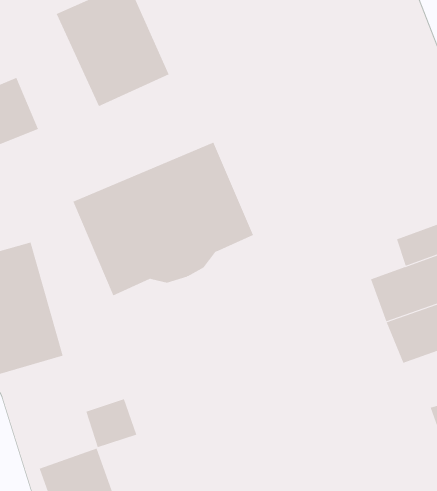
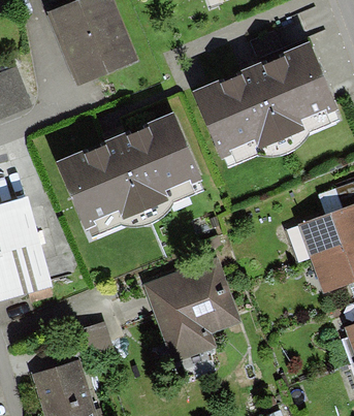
building: none -> [193,42,341,165]
building: none -> [143,257,240,357]

